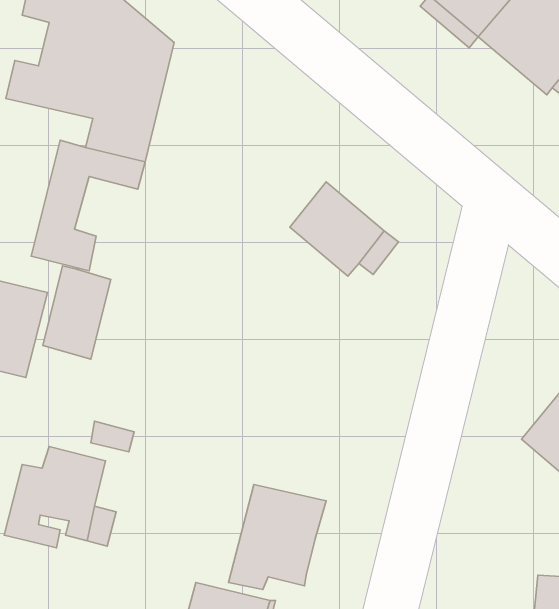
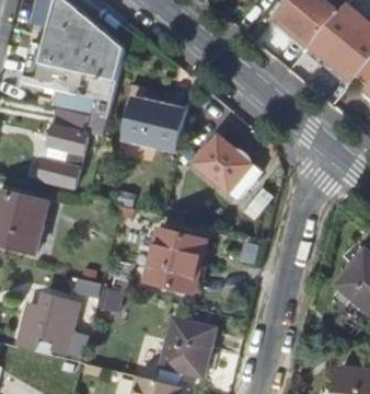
building: none -> [124,98,186,152]
building: [43,266,111,359] -> none
building: none -> [144,228,201,289]

